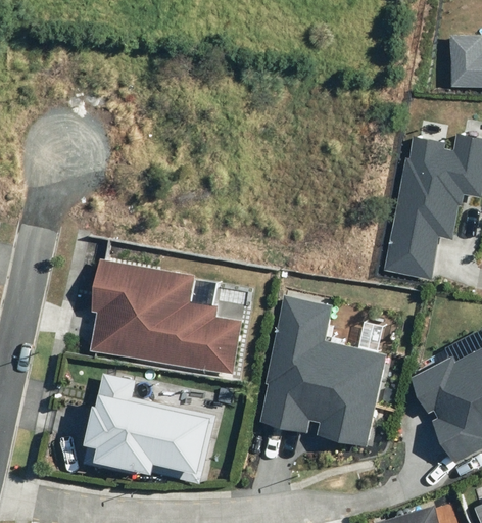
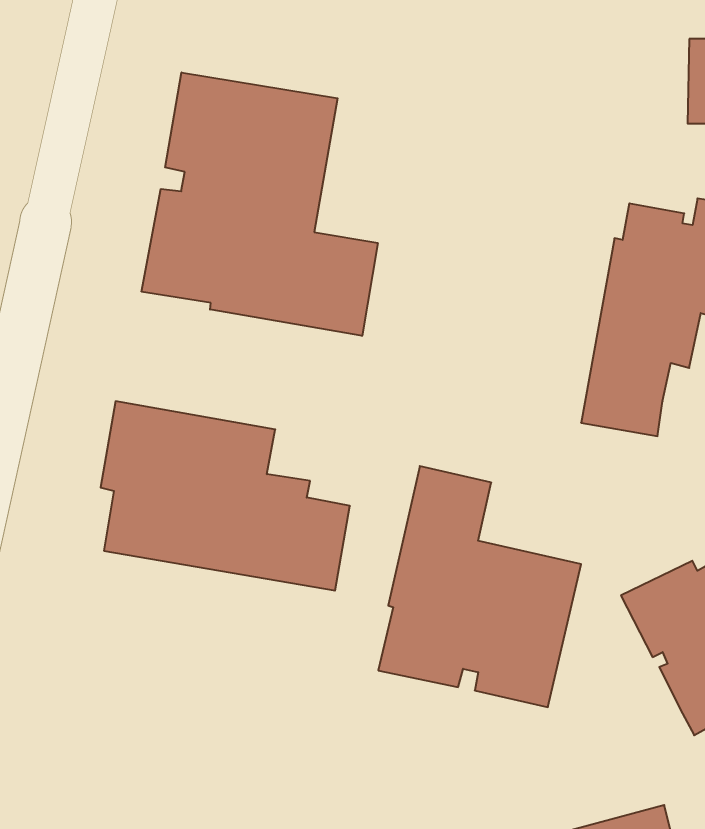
building: none -> [142,72,378,336]
building: [83,374,214,484] -> none

